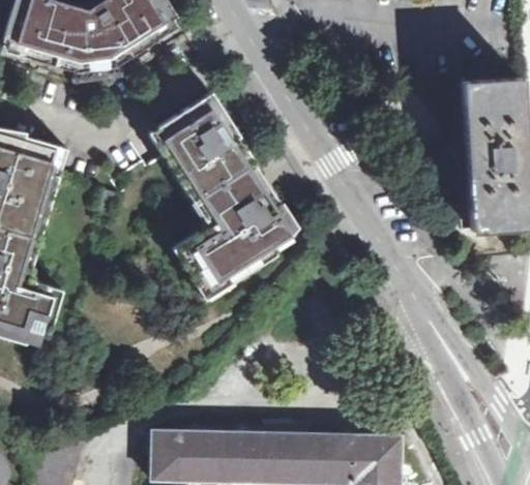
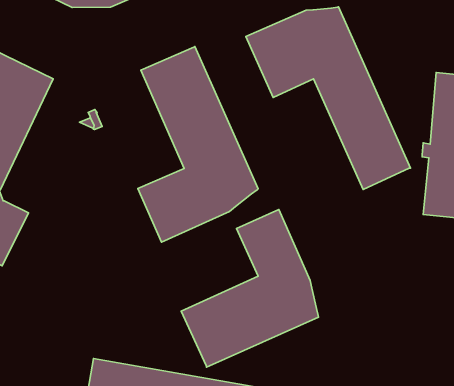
building: none -> [246,7,410,189]
building: none -> [181,209,319,367]

